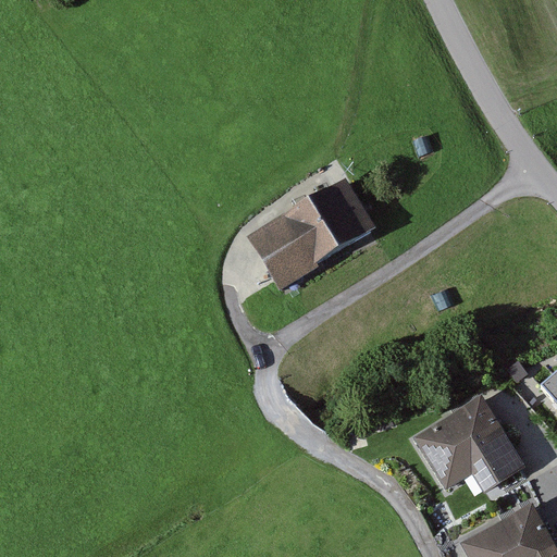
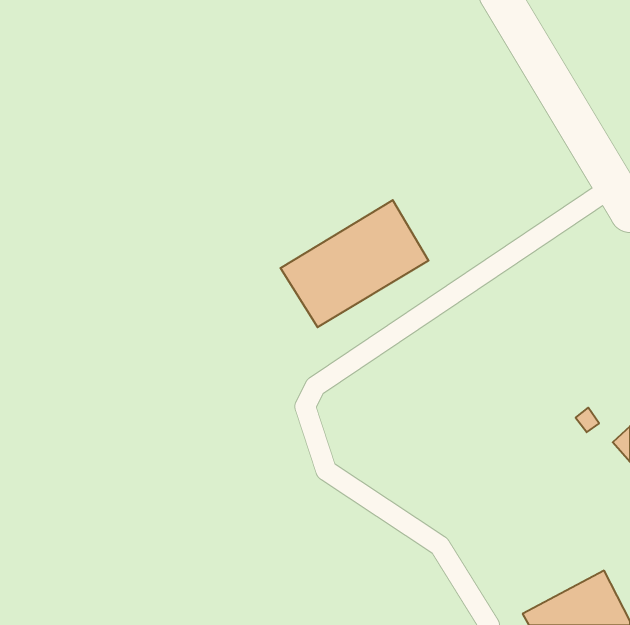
building: [413,396,524,493] -> none

